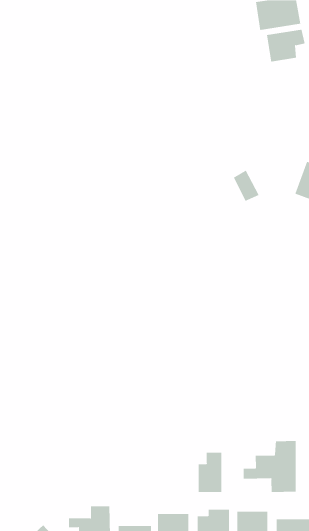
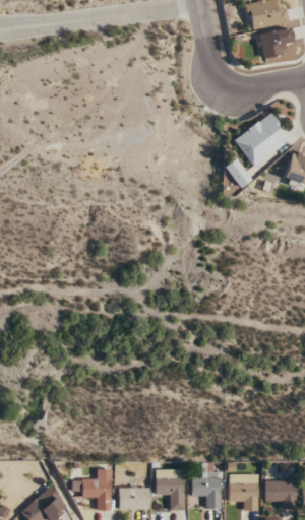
building: none -> [233,112,291,167]
building: [243,440,296,493] -> none
building: [198,452,222,493] -> none

